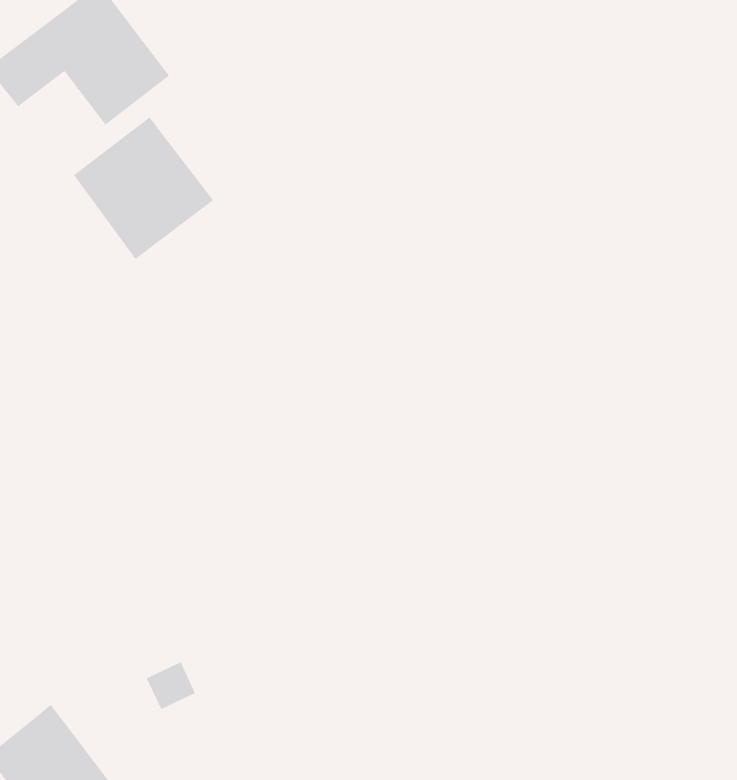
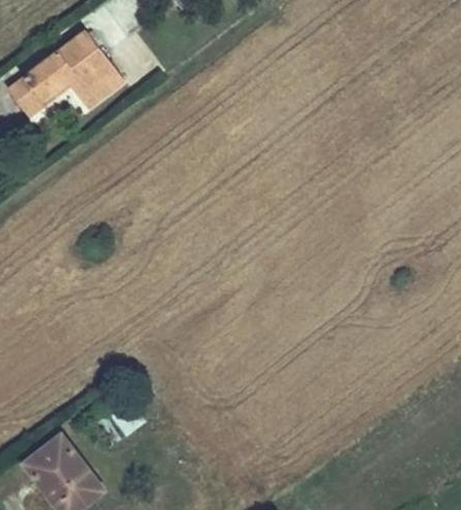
building: [73,117,214,260] -> none

